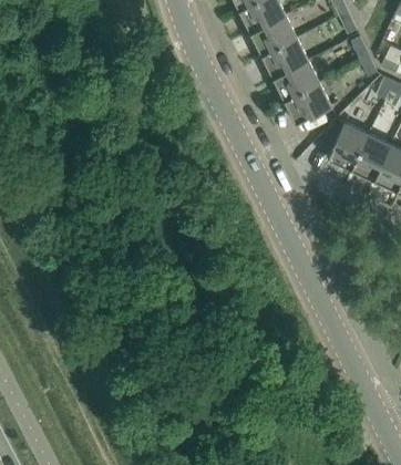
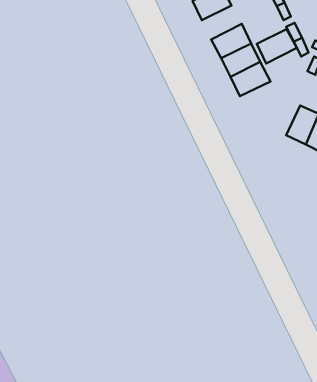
building: [249,14,297,55] -> [257,29,297,63]
building: [327,123,367,169] -> none

